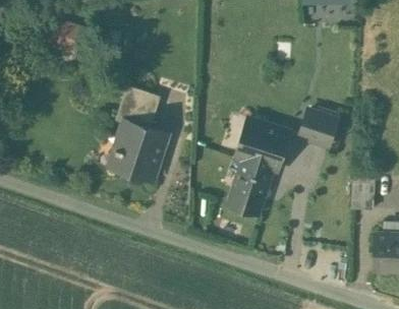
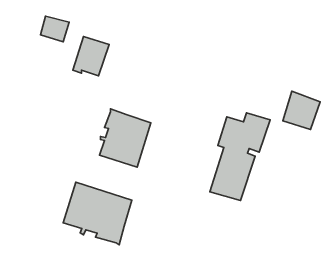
building: [115,87,153,128] -> [73,36,109,76]
building: none -> [63,182,132,245]

